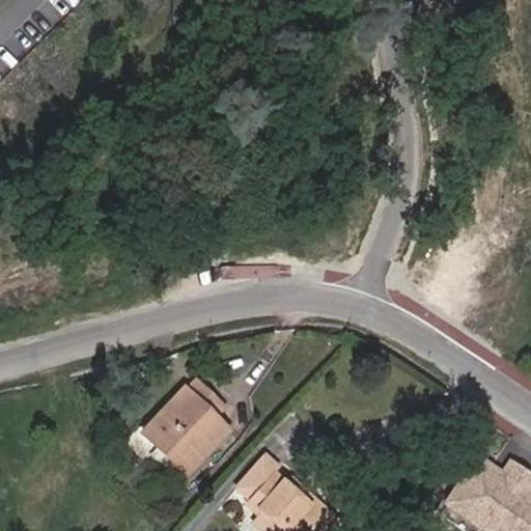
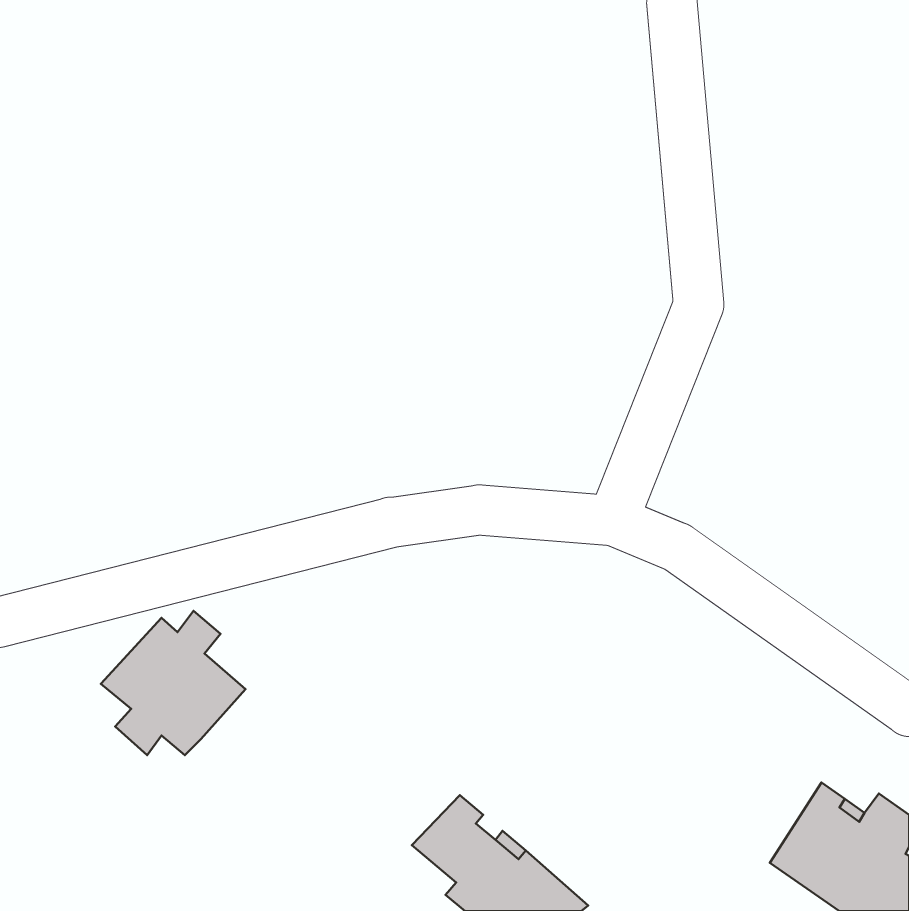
building: [145,385,229,469] -> [101,611,245,755]

